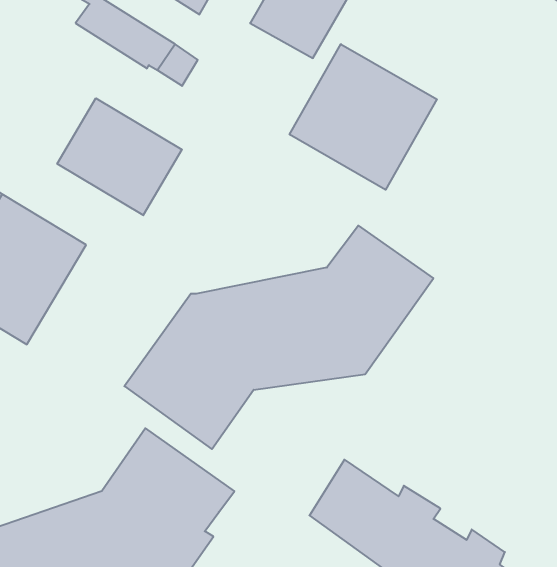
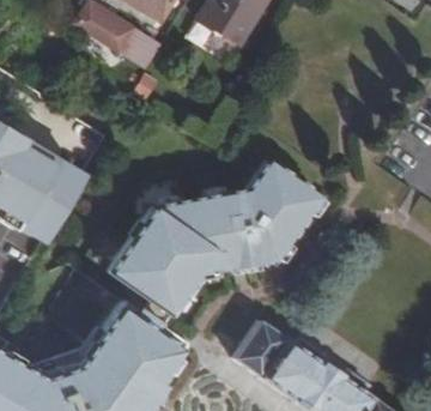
building: [290,44,437,190] -> none
building: [57,98,182,215] -> none

